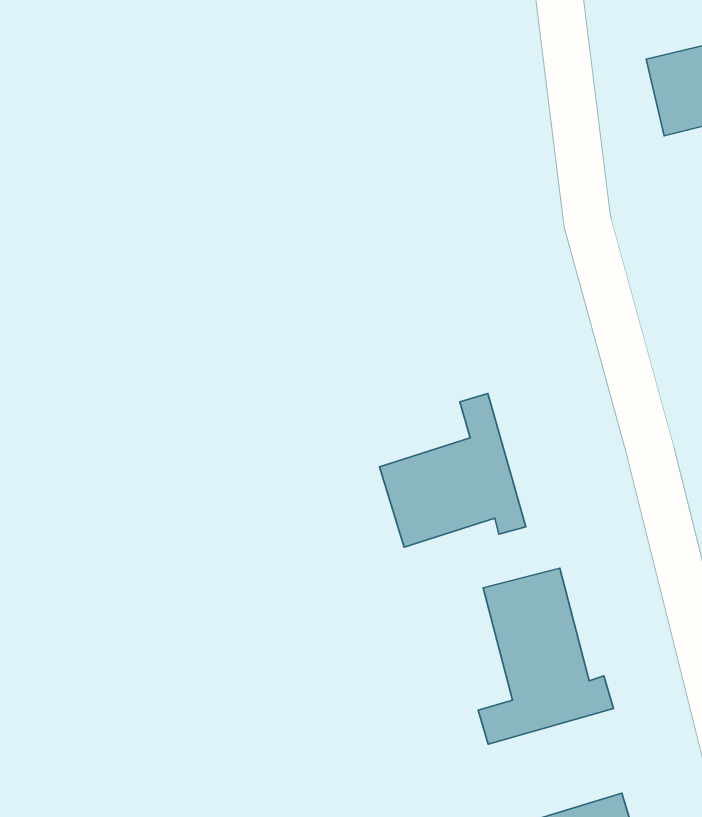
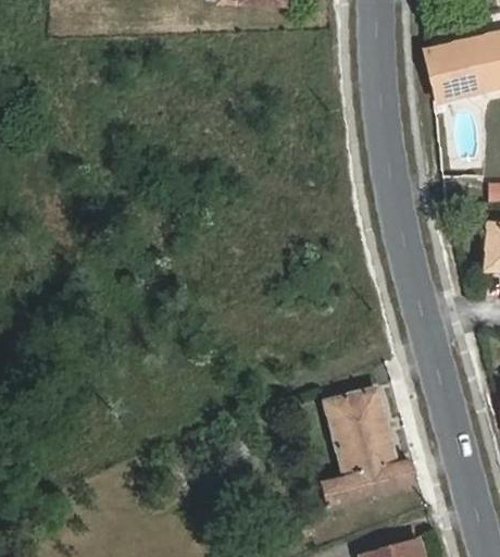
building: [379,394,526,547] -> none

